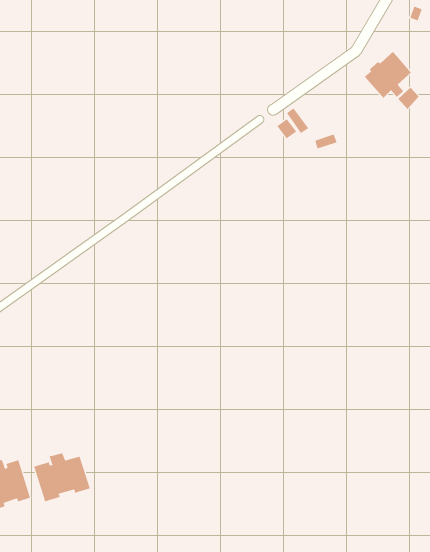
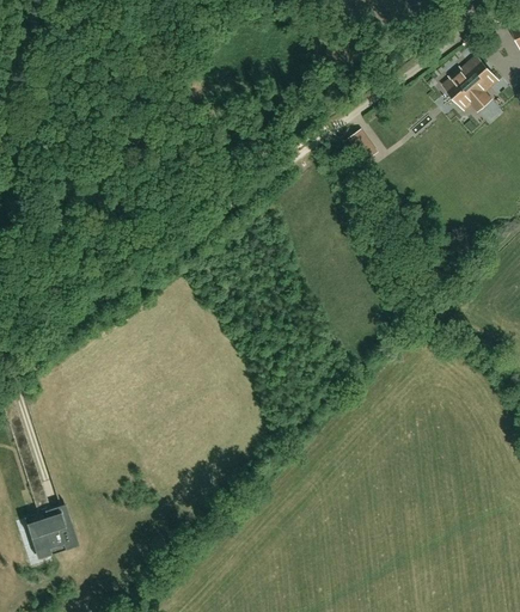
building: [33,451,90,502] -> none

